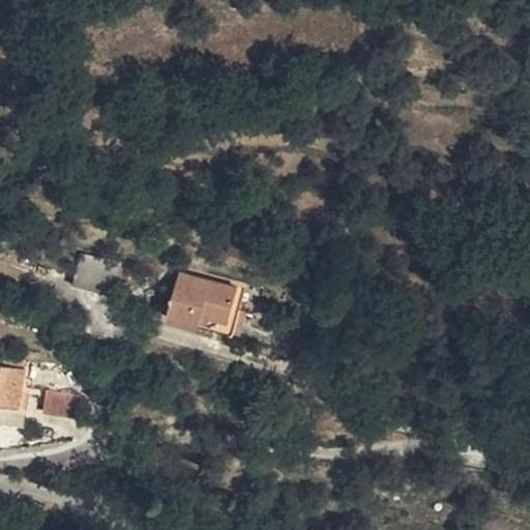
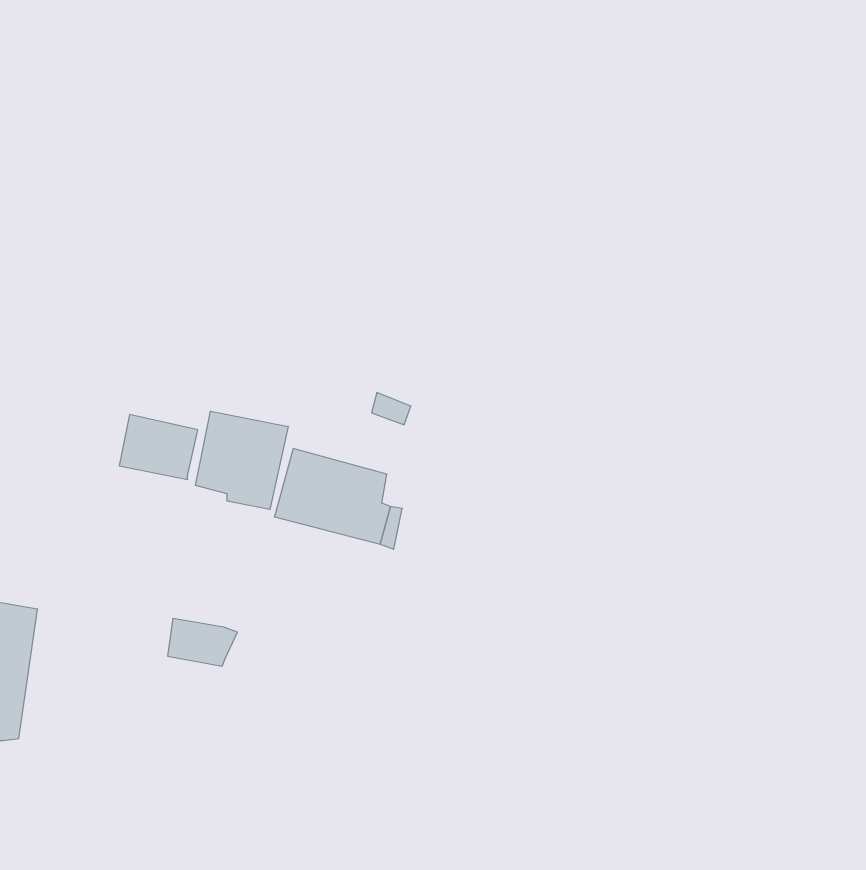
building: none -> [196,411,288,510]
building: [40,390,83,419] -> [168,619,237,666]

